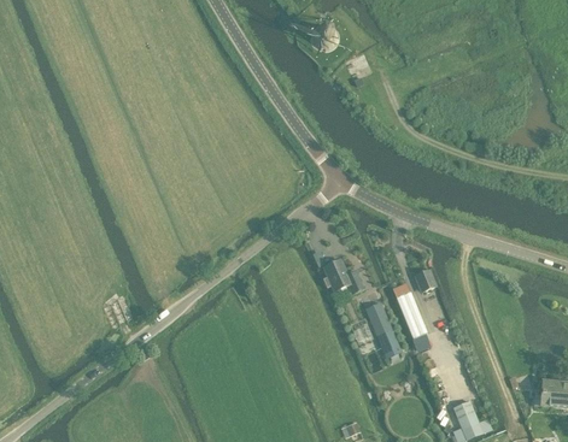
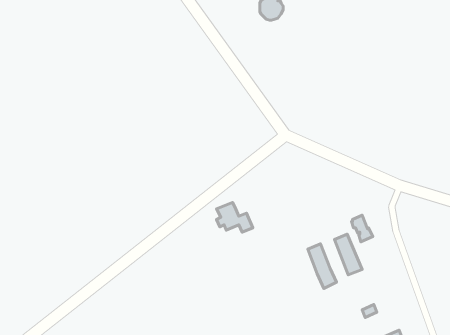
building: [322,259,363,293] -> [217,202,253,232]

